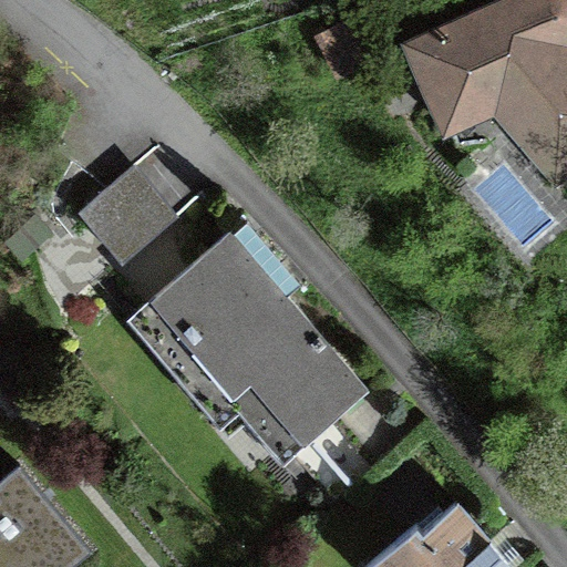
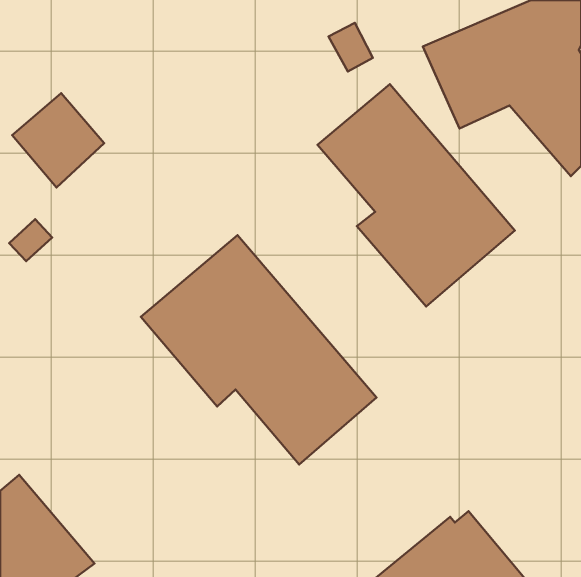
building: none -> [317,84,515,307]
building: [79,172,168,264] -> [12,93,104,188]

